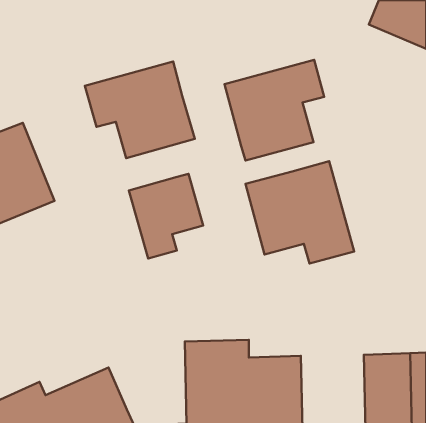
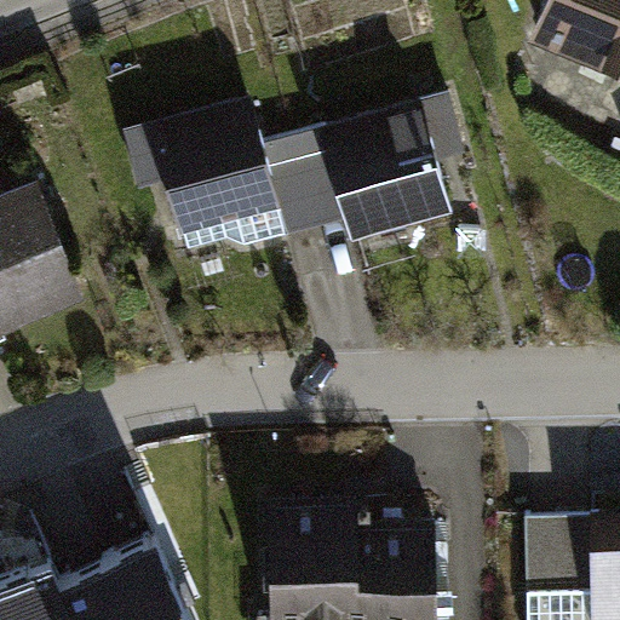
building: none -> [263,131,348,237]
building: [245,161,354,263] -> none
building: [129,174,203,259] -> none

